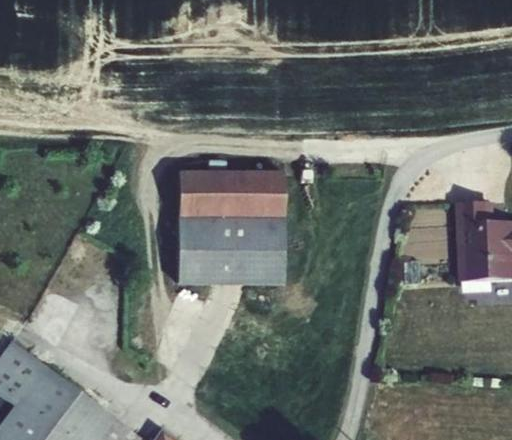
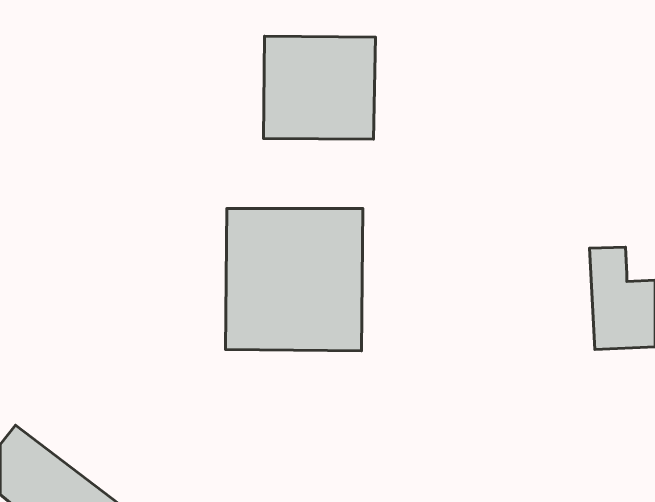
building: none -> [264,36,375,139]

